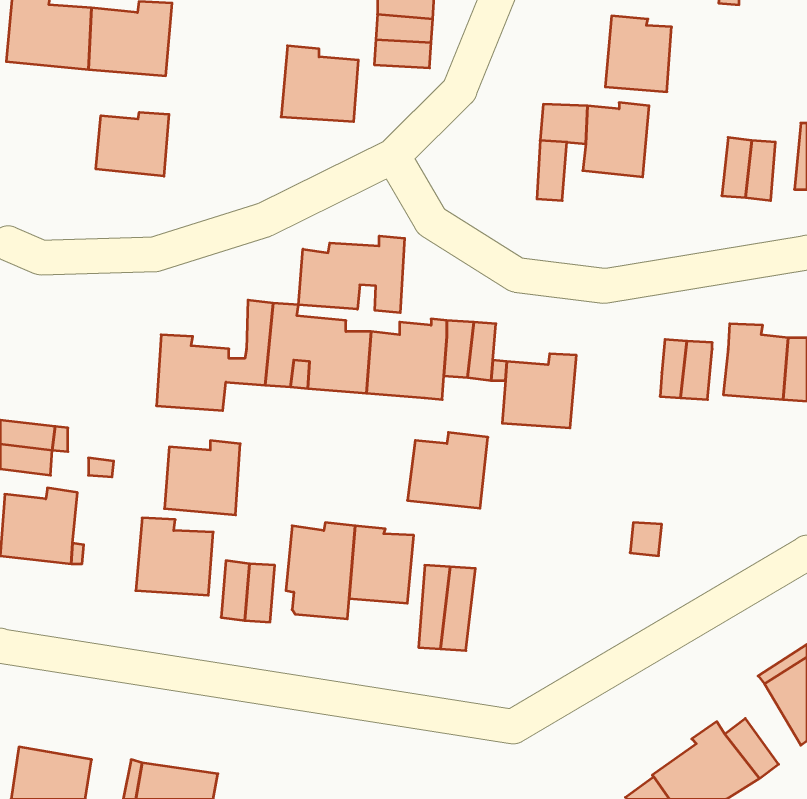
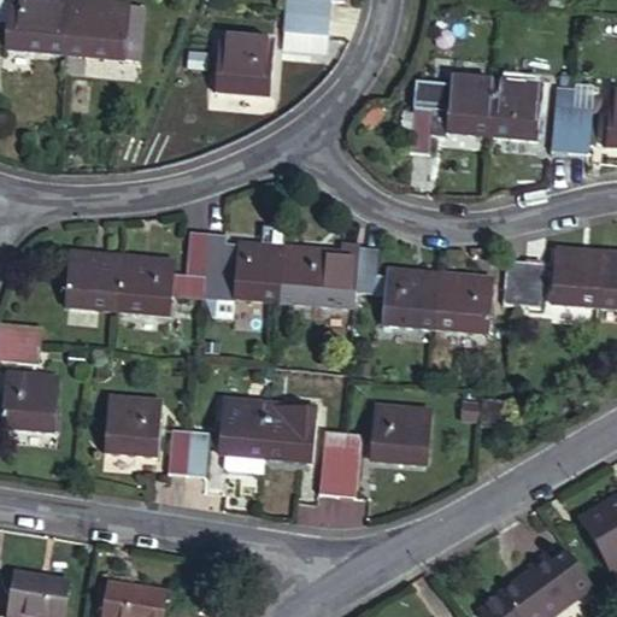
building: [605,16,672,92] -> [490,81,541,139]
building: [96,112,169,176] -> none
building: [298,236,405,313] -> none
building: none -> [435,271,492,331]
building: [407,432,488,508] -> [370,405,431,463]
building: [164,441,240,515] -> [65,253,123,310]

